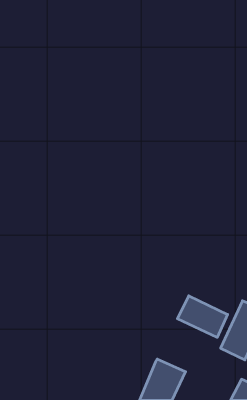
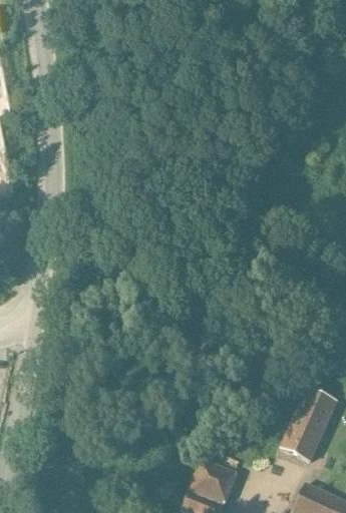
building: [177,296,228,337] -> none

